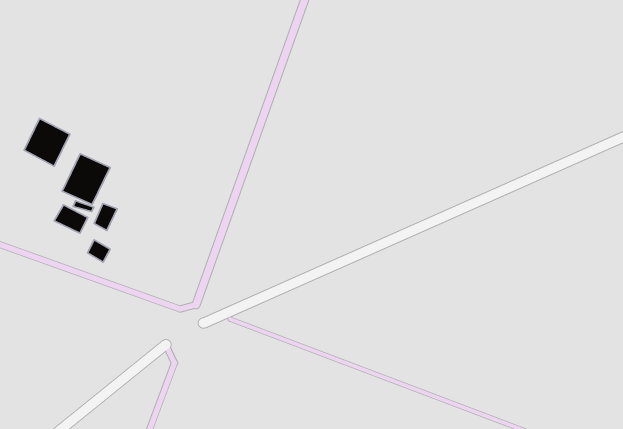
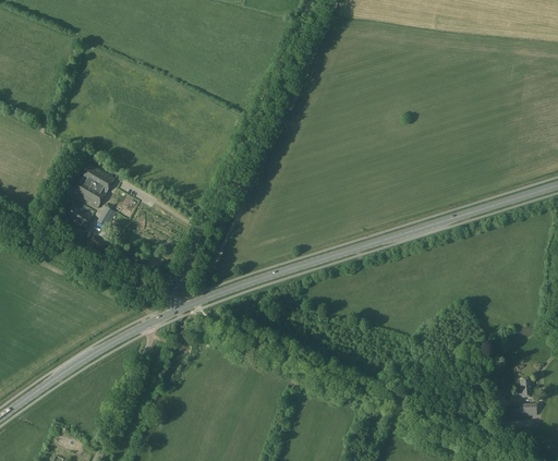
building: [24,118,70,166] -> none

